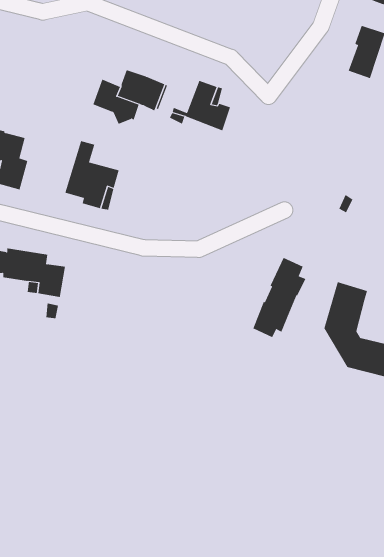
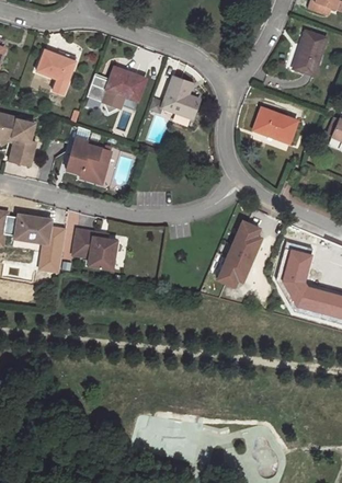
building: none -> [37,49,76,82]
building: none -> [254,108,297,143]
building: none -> [71,228,114,268]

